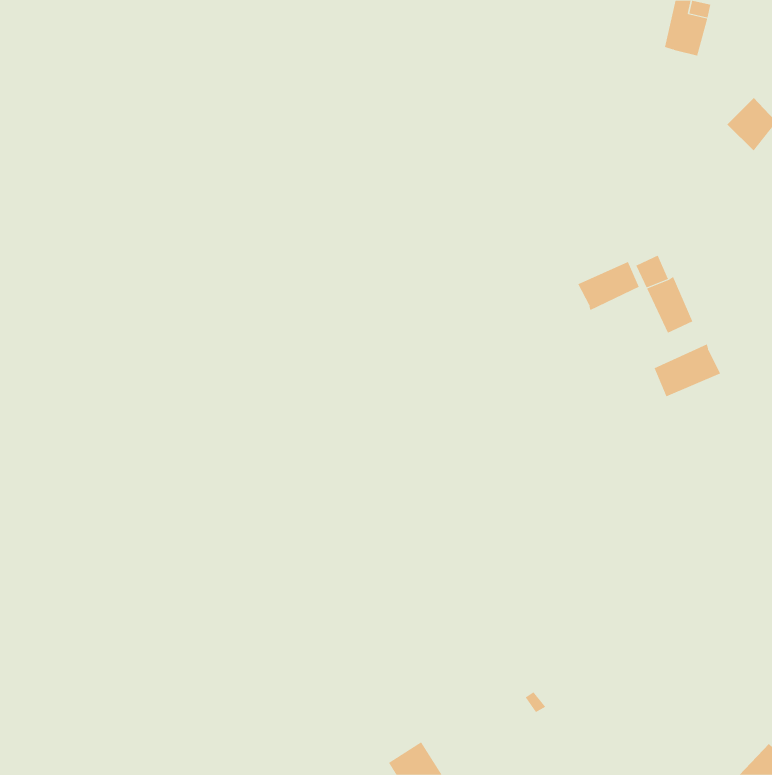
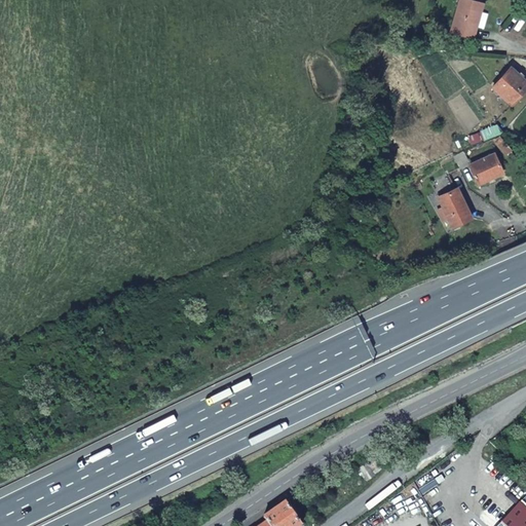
building: none -> [468,153,500,182]
building: [578,261,640,311] -> none
building: [654,344,721,397] -> none

